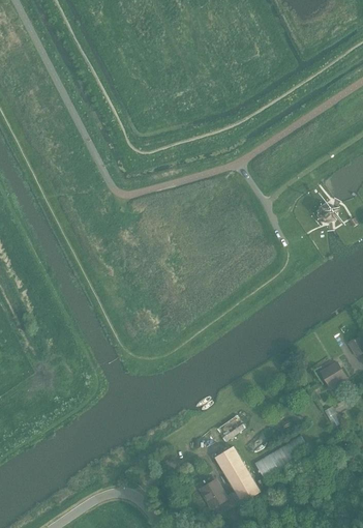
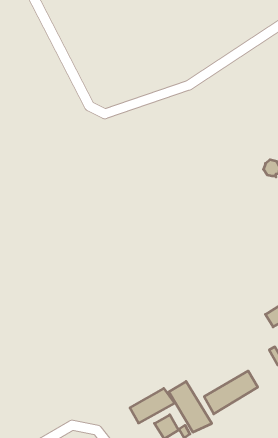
building: none -> [130,388,174,423]

